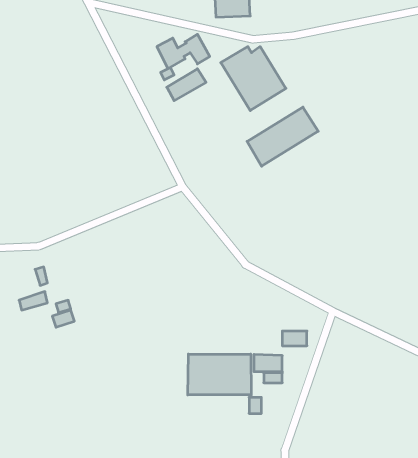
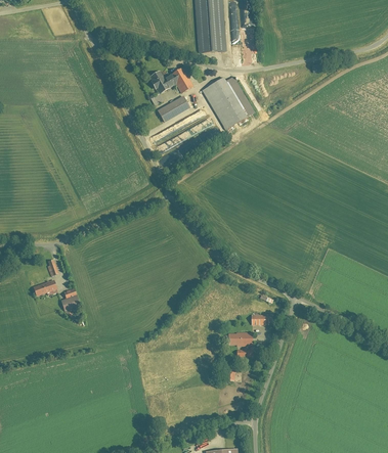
building: [247,107,318,166] -> none
building: [188,354,251,395] -> none

